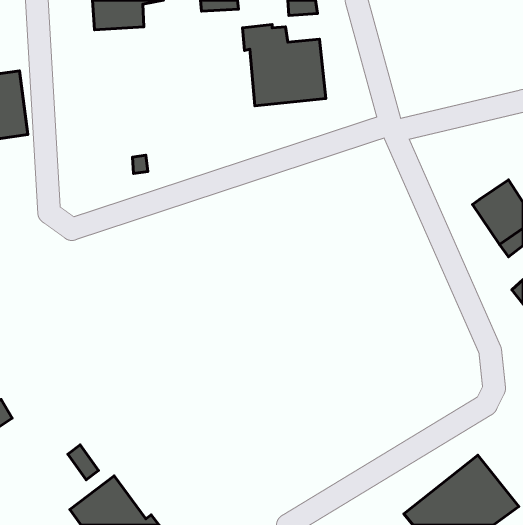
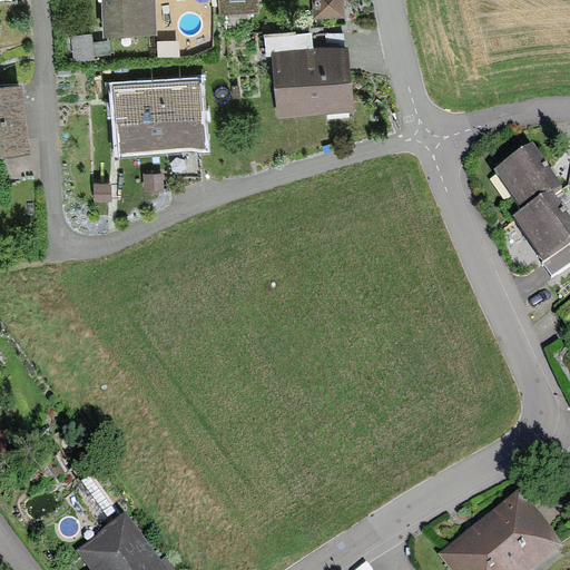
building: none -> [112,75,204,151]
building: none -> [492,148,559,216]

